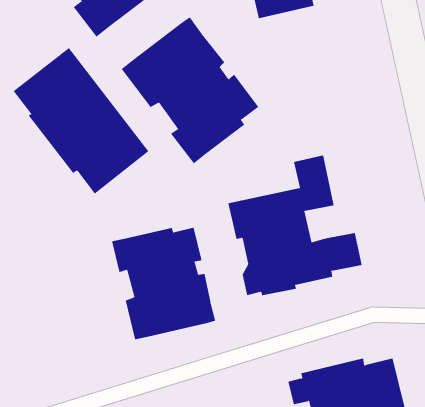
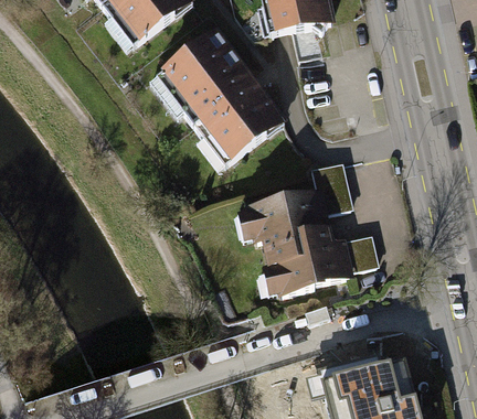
building: [13,47,149,194] -> none
building: [112,227,216,340] -> none

